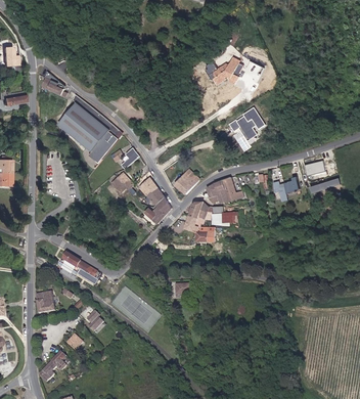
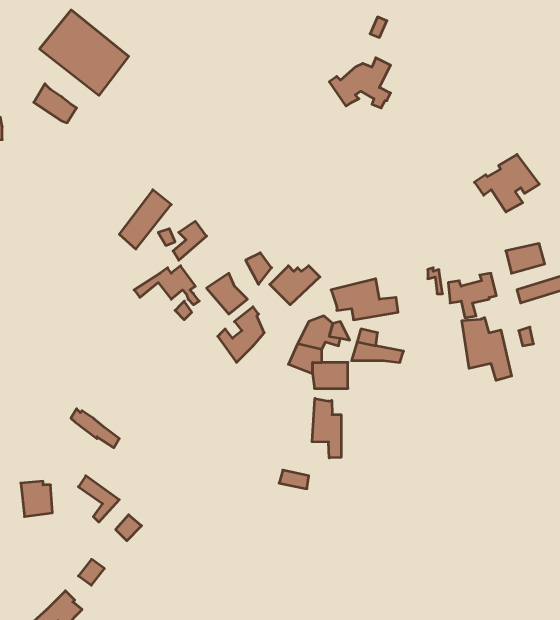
building: [58,102,107,149] -> [40,10,129,95]
building: [228,108,264,140] -> [474,154,539,212]
building: none -> [462,318,512,380]
building: none -> [312,398,341,458]

